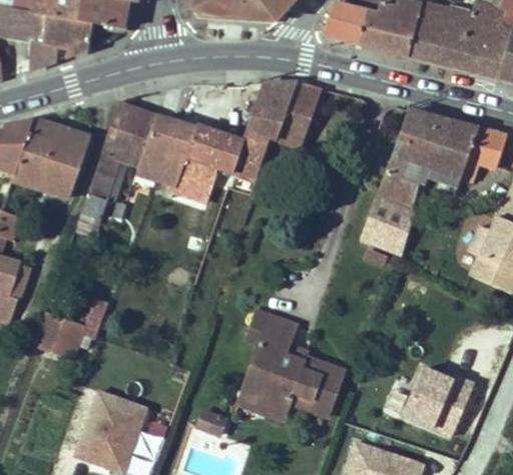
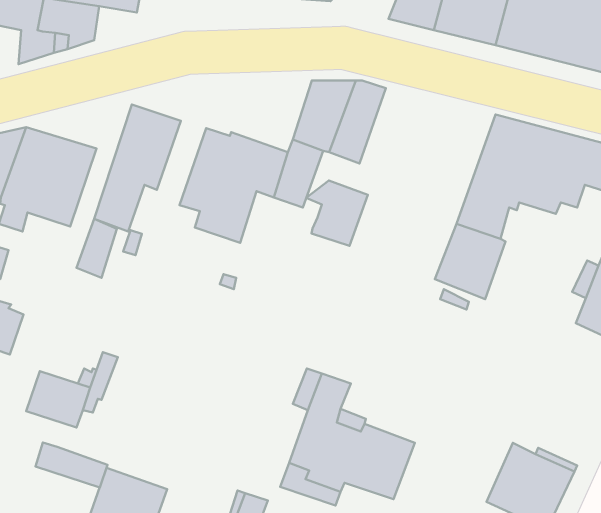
building: [135,113,177,180] -> none
building: none -> [306,181,368,246]
building: none -> [36,442,107,487]

